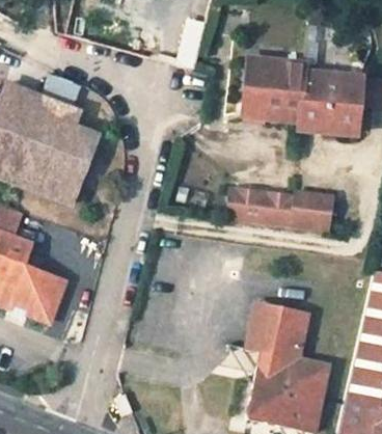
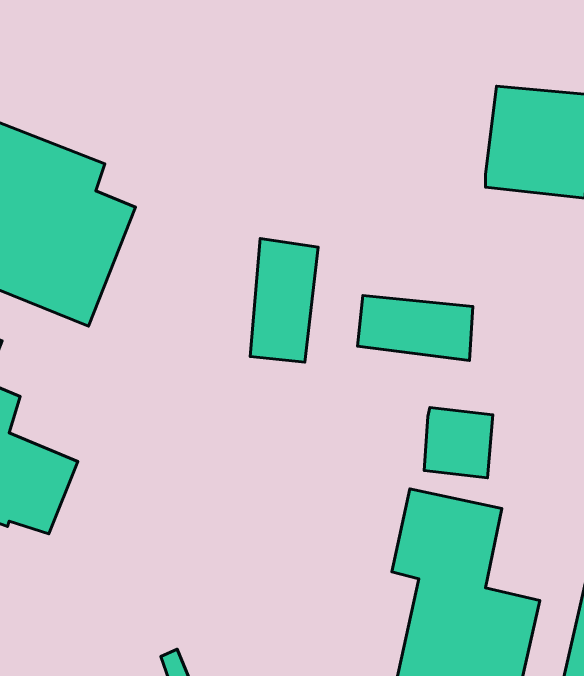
building: [245,55,306,119] -> none
building: none -> [250,239,318,362]
building: [291,190,330,230] -> [424,407,493,478]

